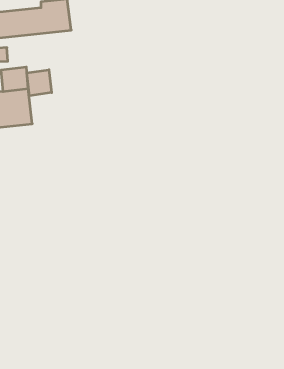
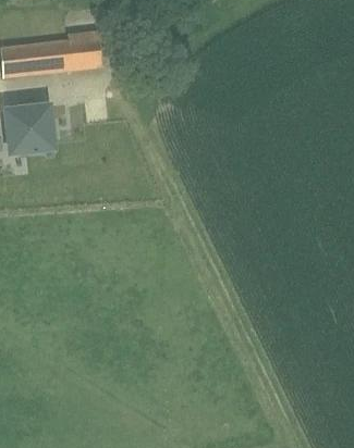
building: [27,70,52,96] -> none

